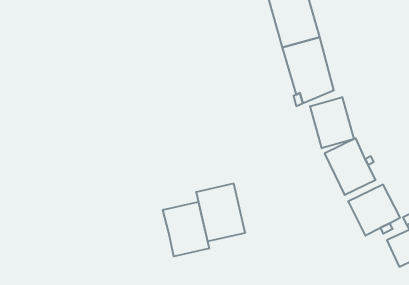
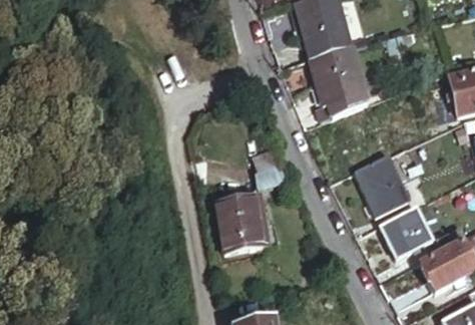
building: [310,97,354,148] -> none
building: [163,202,209,256] -> none

